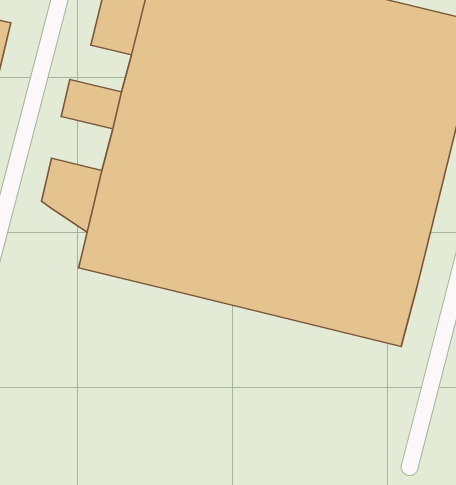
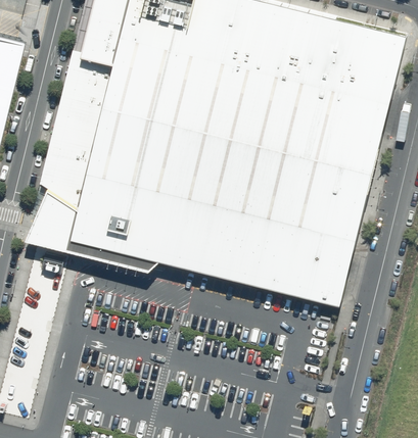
building: none -> [63,52,114,94]
building: none -> [48,114,99,159]
building: none -> [25,191,158,272]

